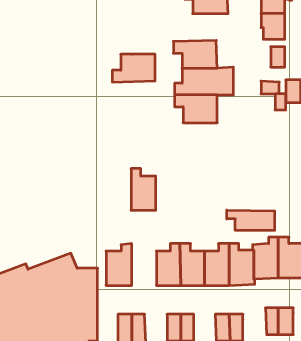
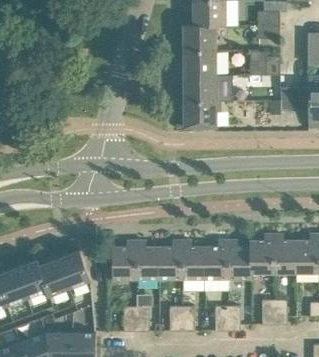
building: [112,54,155,82] -> [175,25,215,51]
building: [131,169,156,210] -> [136,240,159,279]
building: [227,210,275,230] -> none

